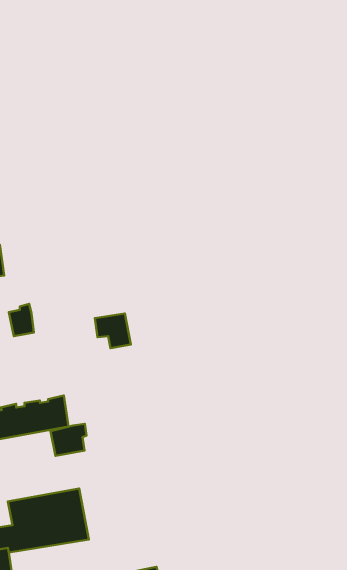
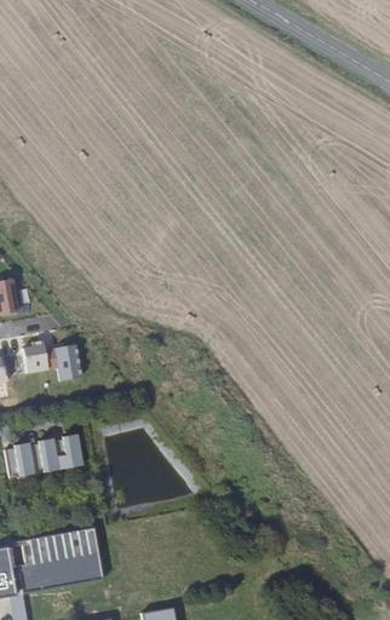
building: [95,314,131,348] -> [45,344,81,379]
building: [51,424,86,456] -> none

